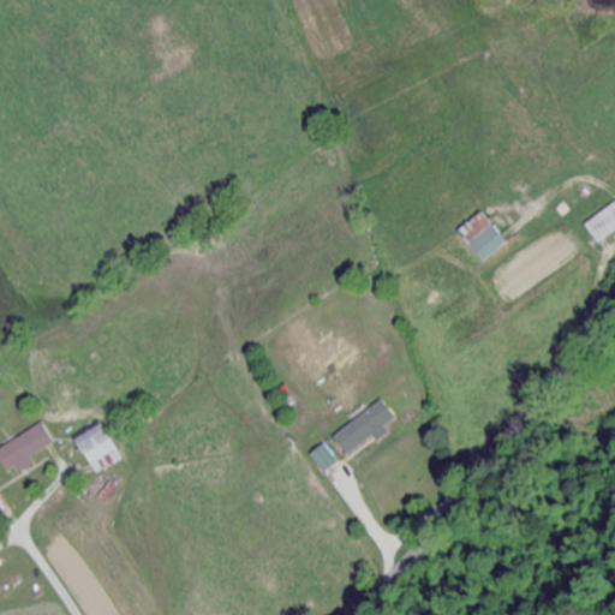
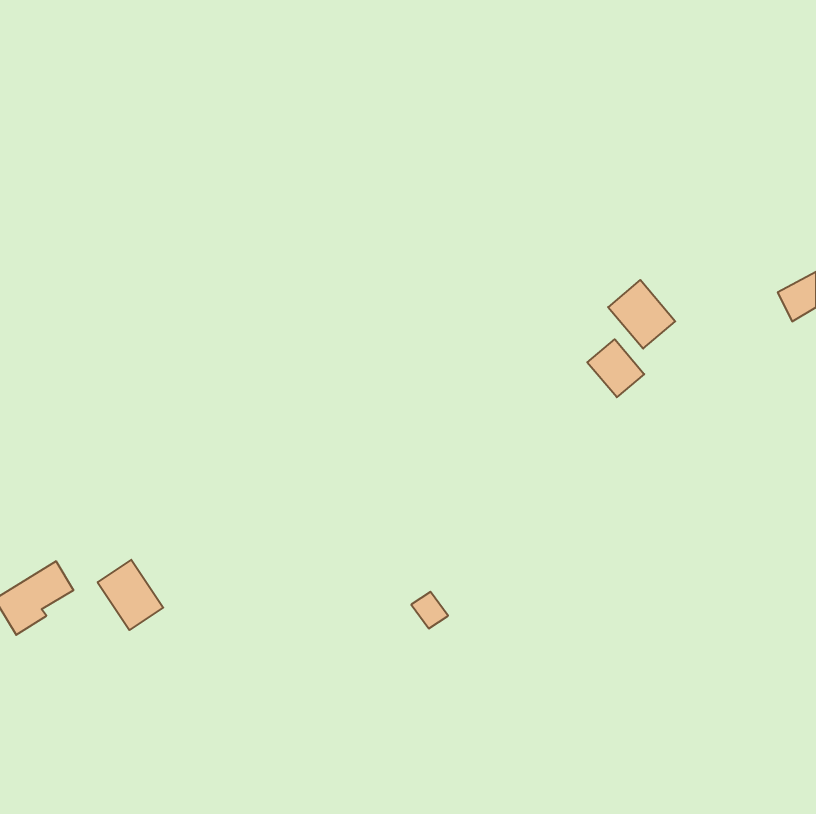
building: none -> [587,339,644,397]
building: [332,400,394,456] -> none

